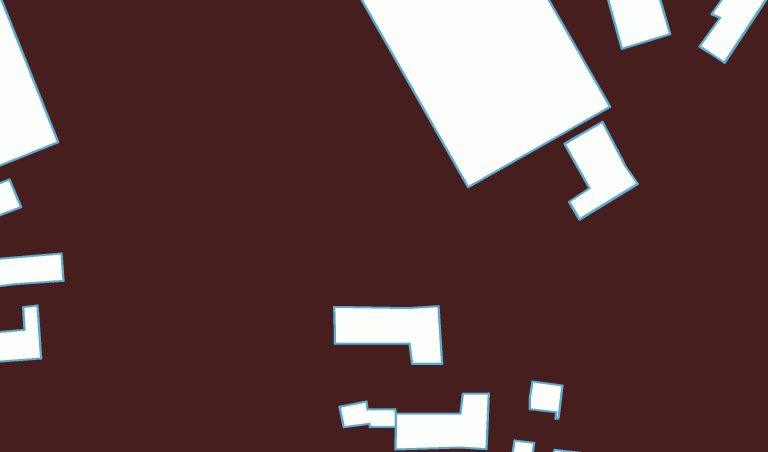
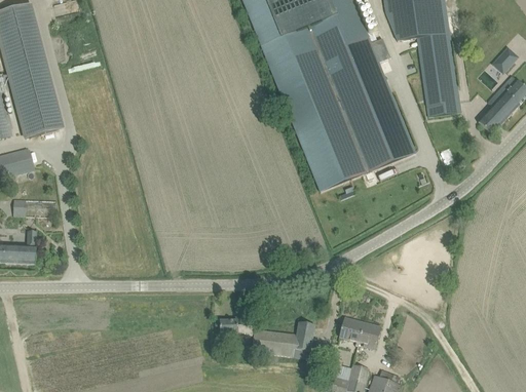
building: [564,122,638,219] -> none
building: [334,306,442,364] -> none
building: none -> [356,321,379,348]

